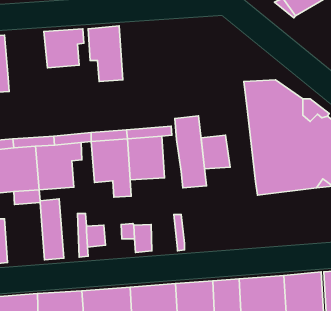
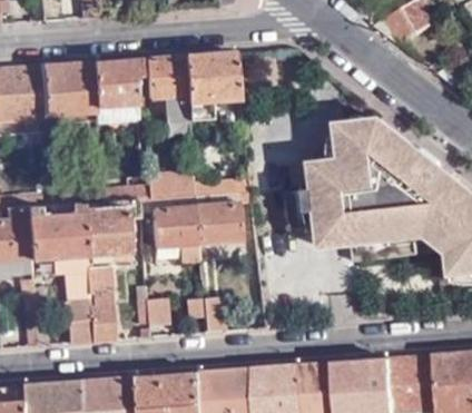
building: none -> [185,50,238,120]
building: none -> [45,61,97,118]
building: [175,116,207,188] -> [313,159,352,247]
building: none -> [68,298,94,343]

